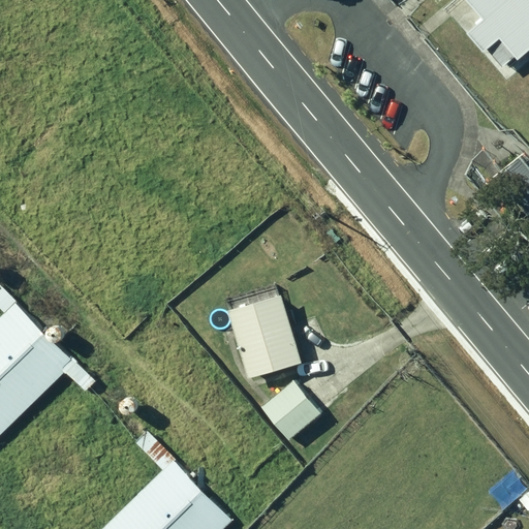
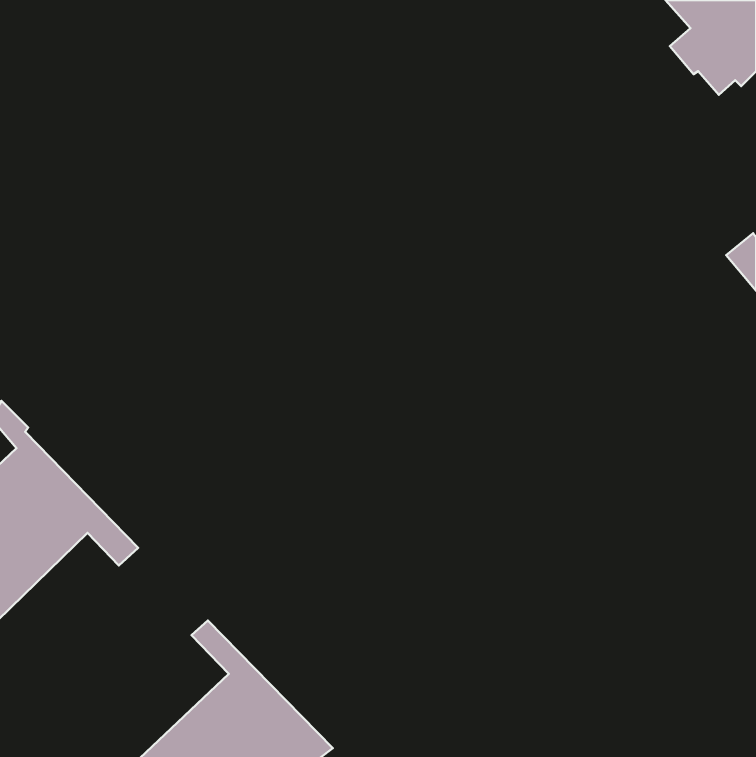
building: [229,289,302,378] -> none
building: [266,381,323,438] -> none

